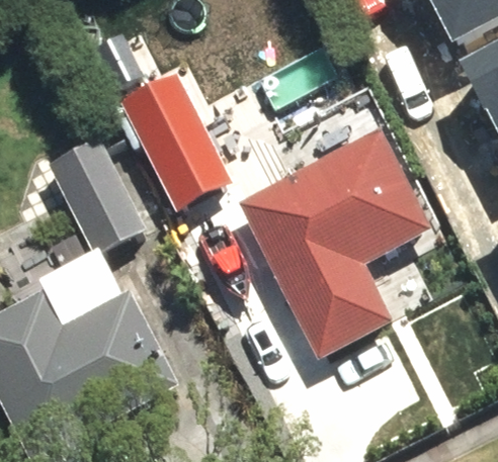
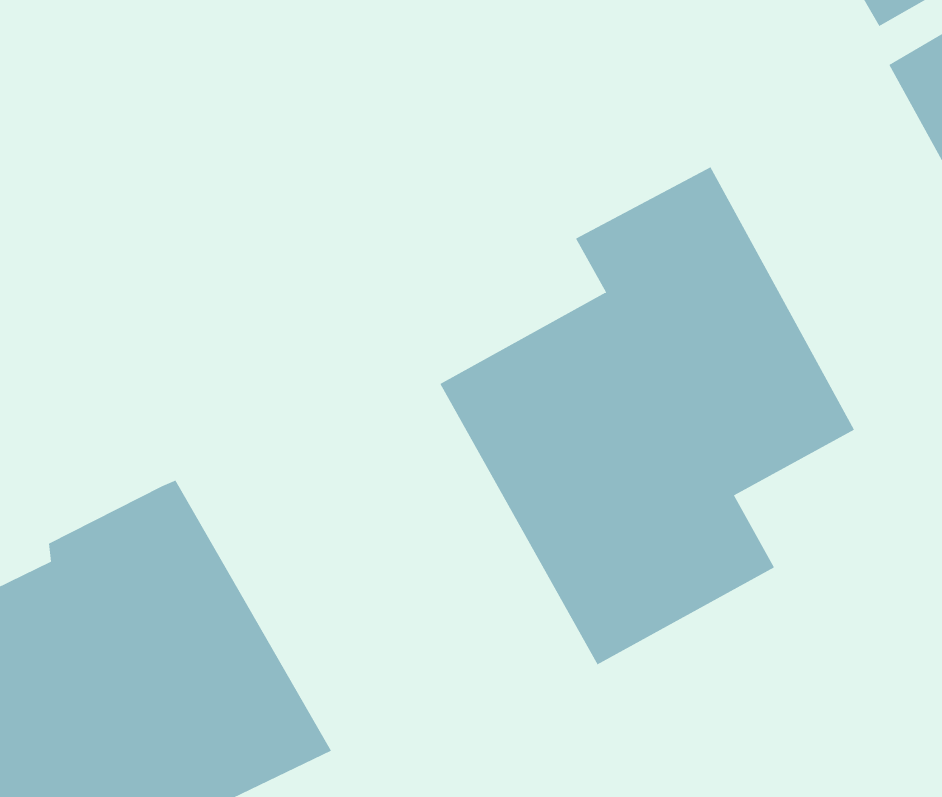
building: [137,90,254,209] -> none
building: [44,126,139,242] -> none

